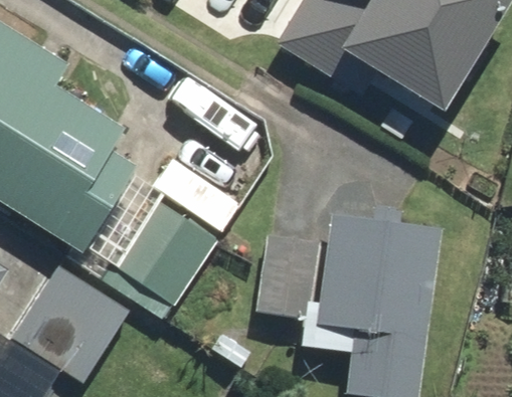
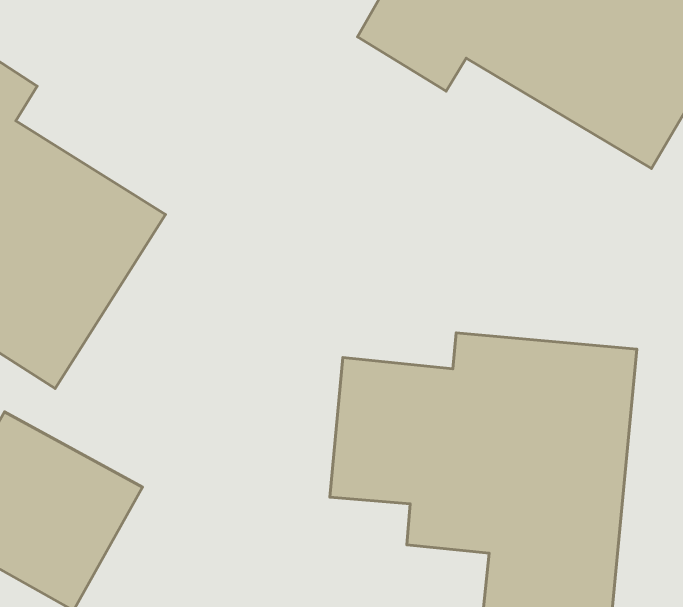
building: [110,196,220,309] -> none

